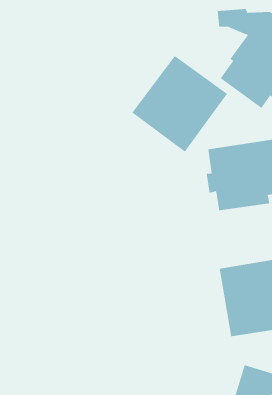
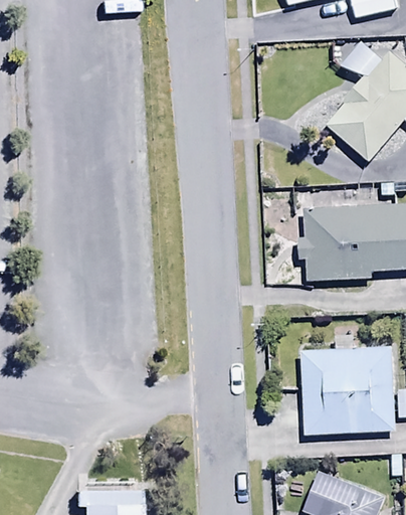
building: [132,55,228,153] -> none

